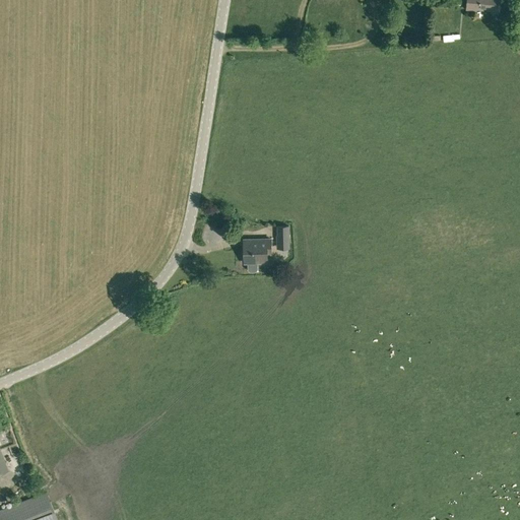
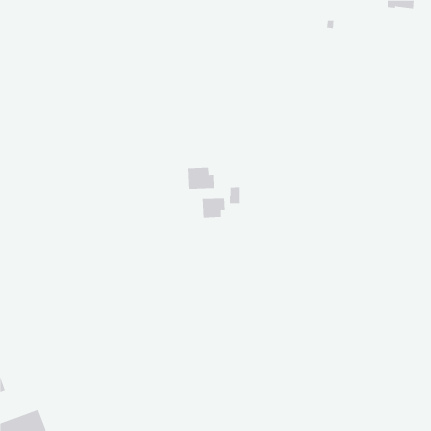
building: none -> [187,167,214,190]

